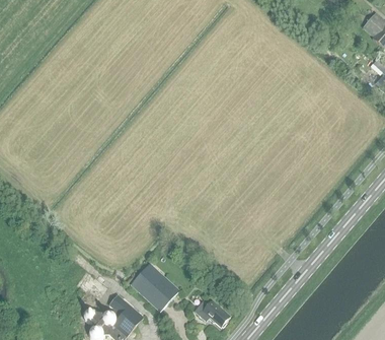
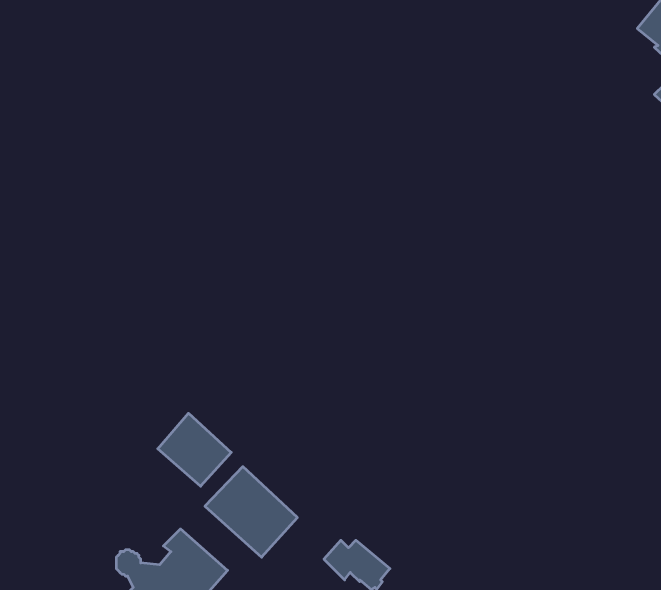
building: none -> [158,413,231,486]

